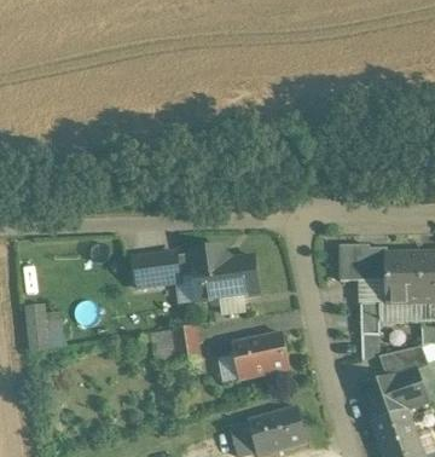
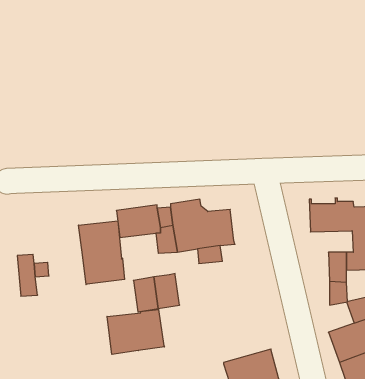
building: none -> [79,221,125,285]
building: [232,332,290,380] -> none
building: none -> [107,309,164,354]

